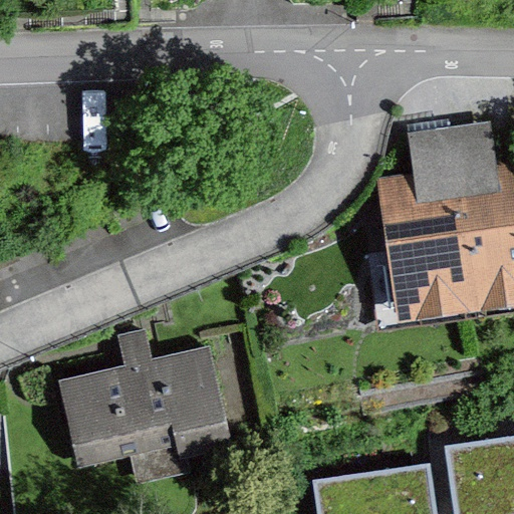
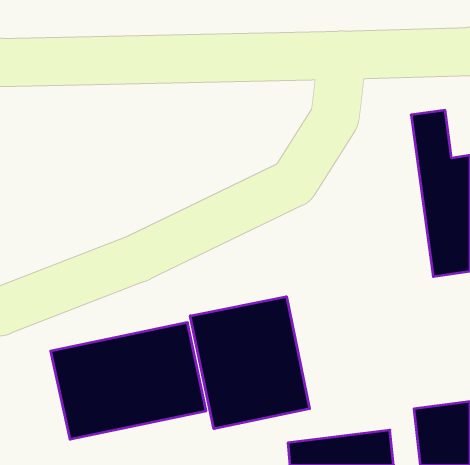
building: [384,125,473,311] -> none
building: none -> [190,297,310,429]

